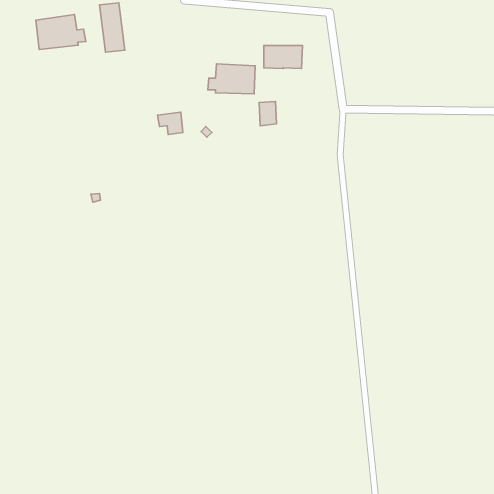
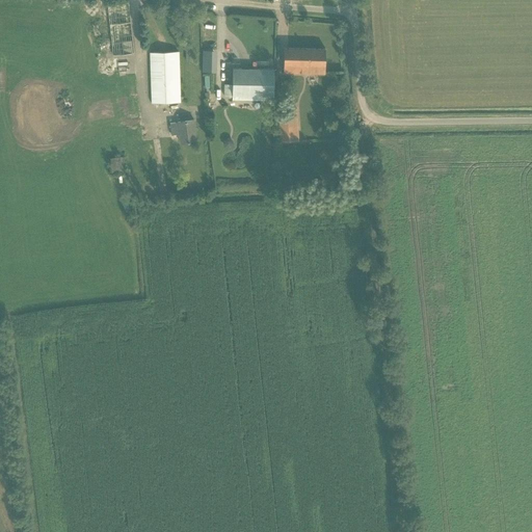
building: [36,15,86,50] -> none
building: none -> [150,52,181,104]

